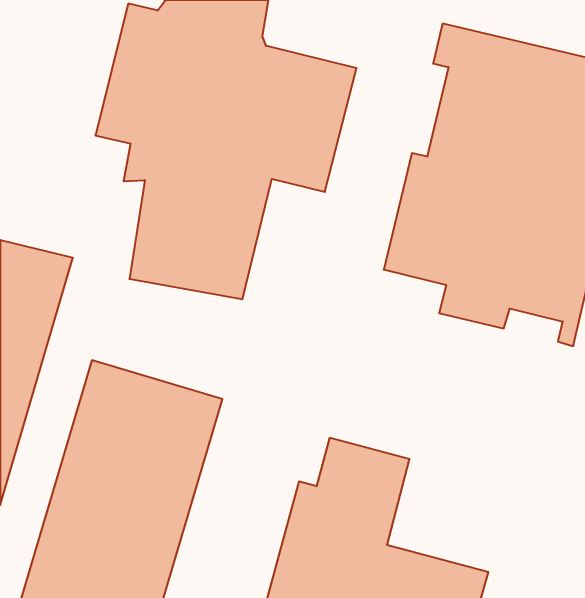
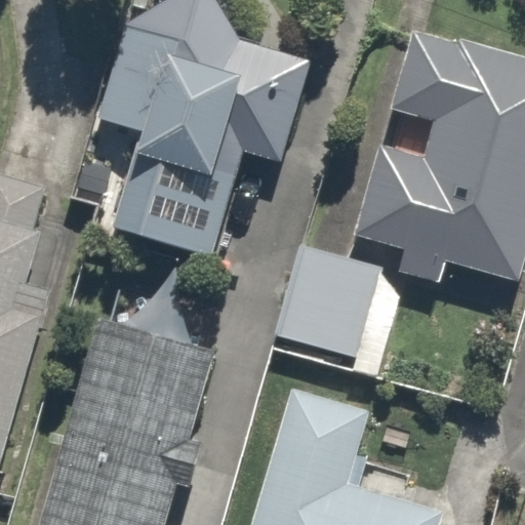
building: none -> [276,246,389,362]

